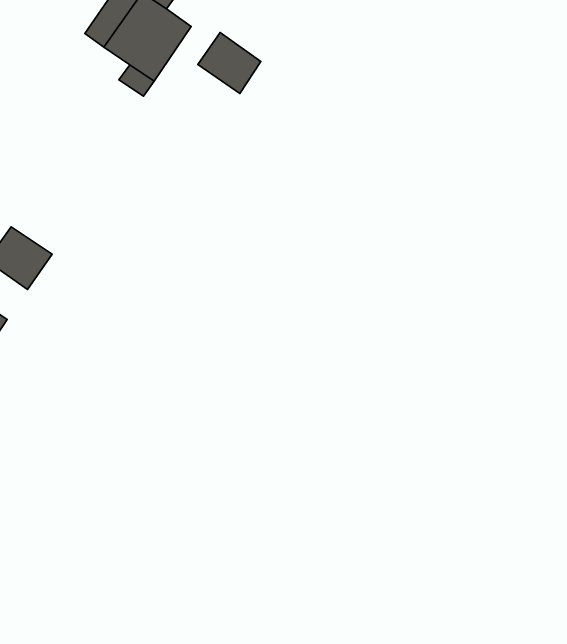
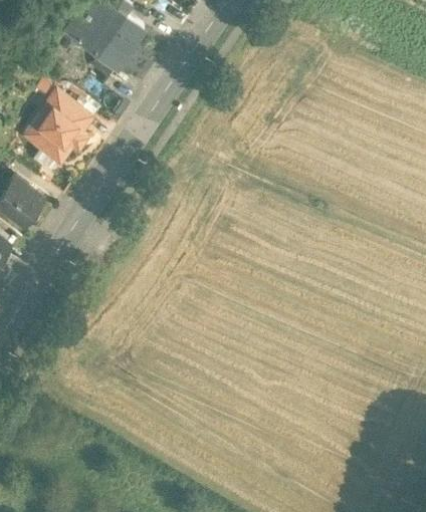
building: [198,33,261,93] -> none
building: none -> [33,92,92,161]

